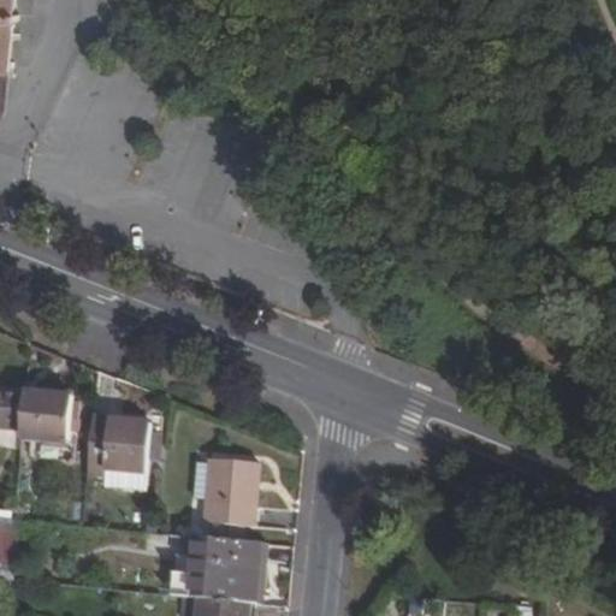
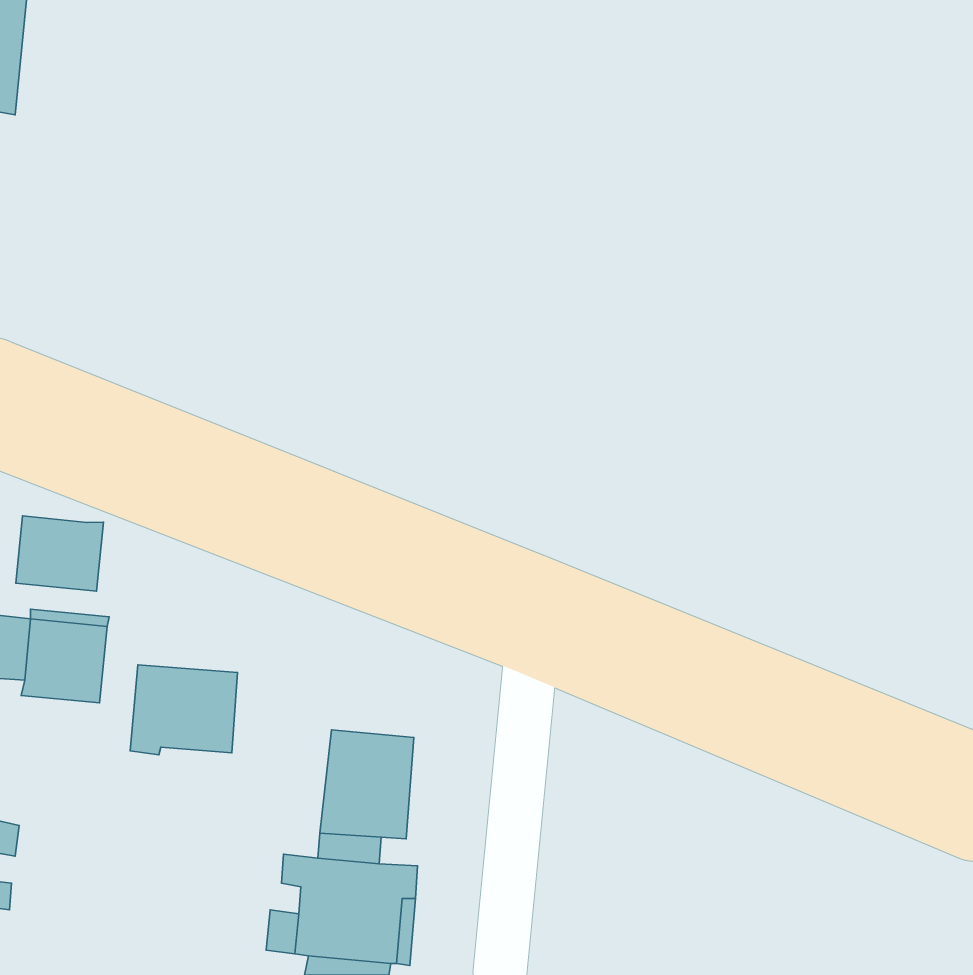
building: none -> [16,516,104,591]

